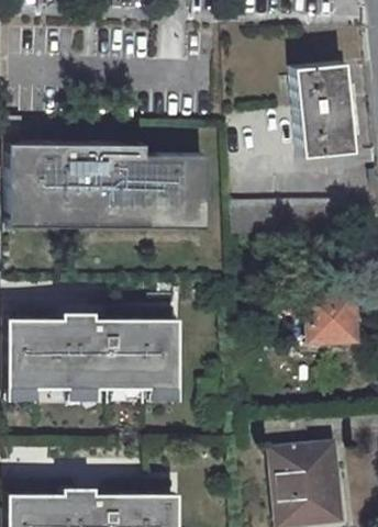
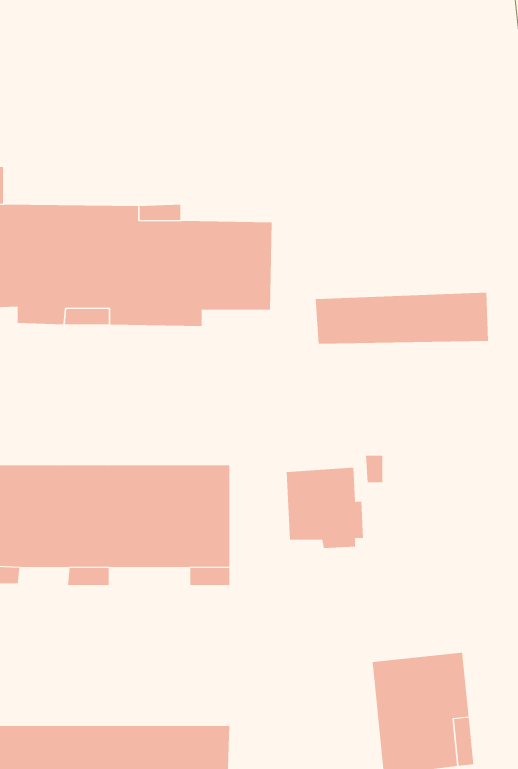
building: [291,66,352,159] -> none
building: [308,295,360,350] -> [286,467,364,548]

